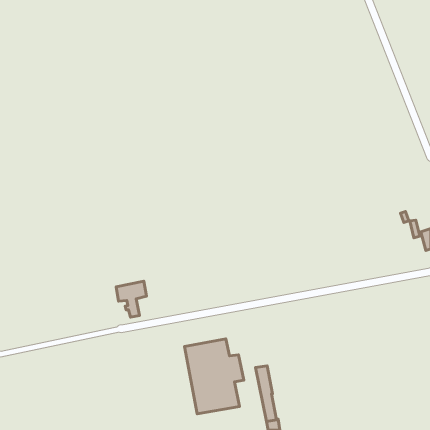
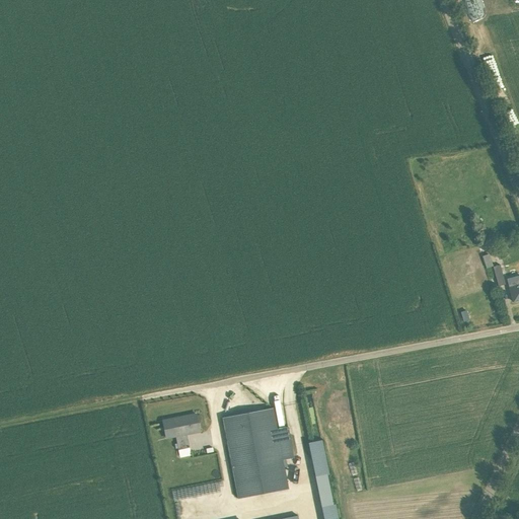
building: [116,281,146,317] -> [163,414,200,457]

